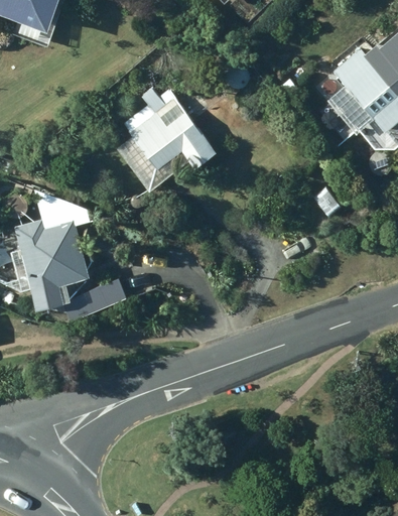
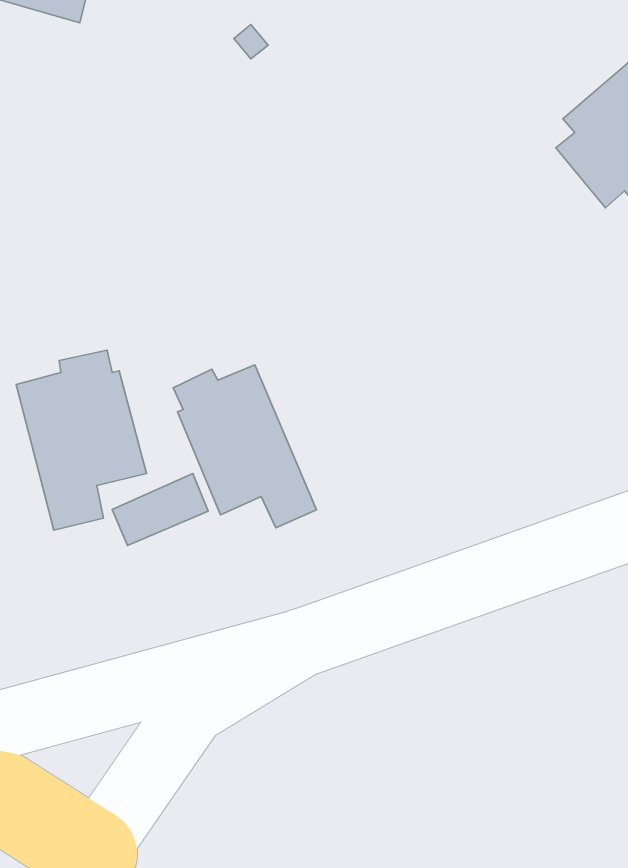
building: [124,88,217,172] -> none
building: none -> [173,365,316,528]

